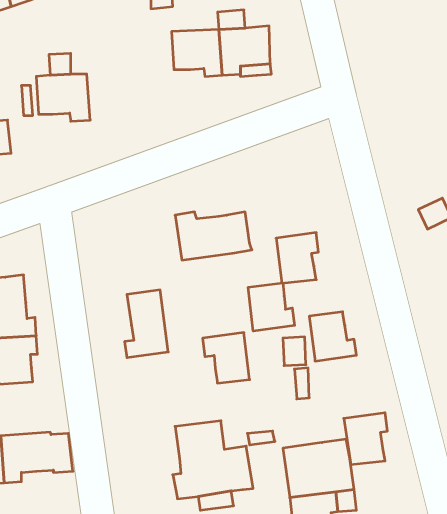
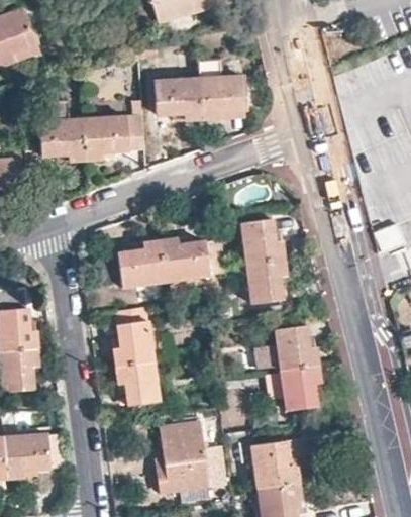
building: none -> [81,114,142,159]
building: none -> [241,219,283,263]
building: none -> [117,242,165,288]
building: [248,283,295,331] -> none
building: [203,333,250,383] -> [116,363,158,407]
building: [344,413,387,464] -> [282,366,320,411]

